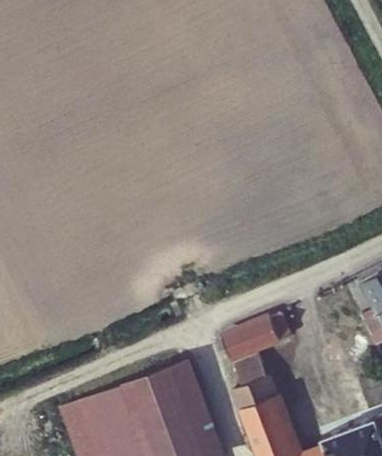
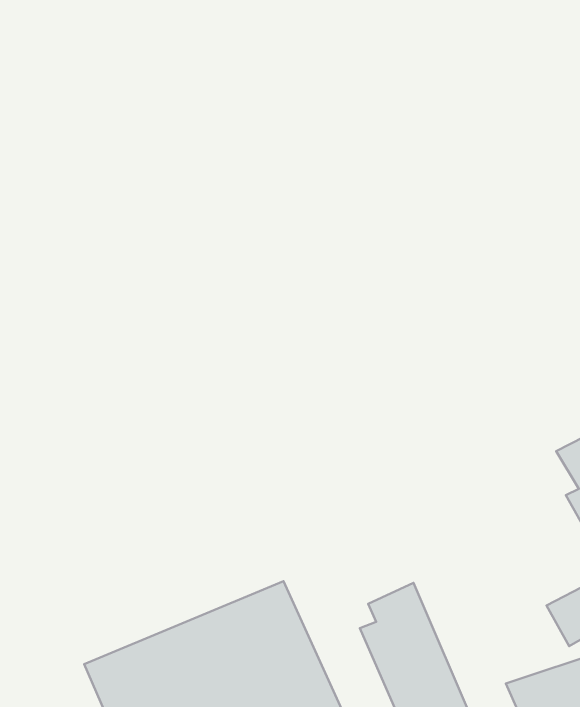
building: [219,315,289,359] -> none

